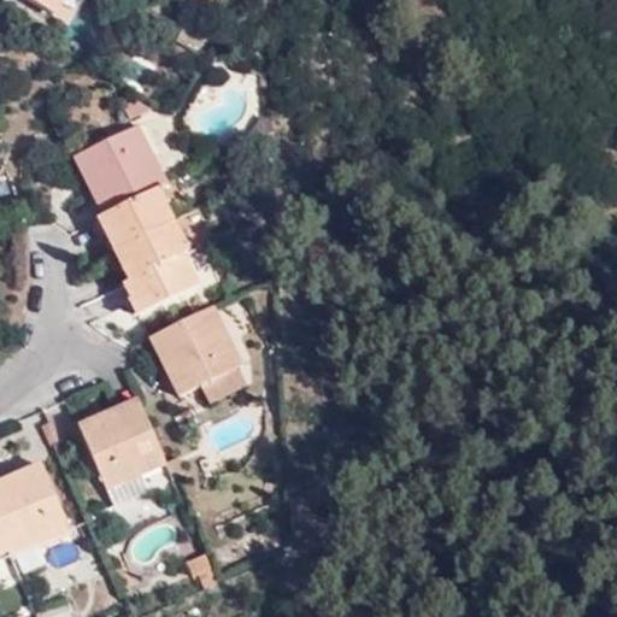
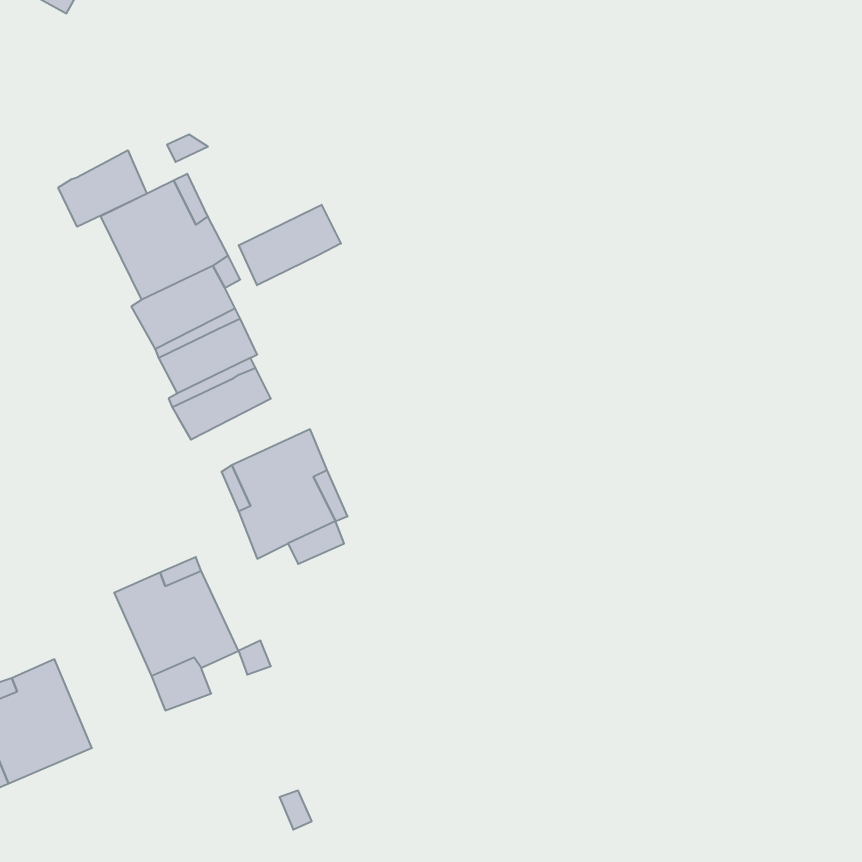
building: none -> [58,150,147,227]
building: none -> [239,205,341,285]

